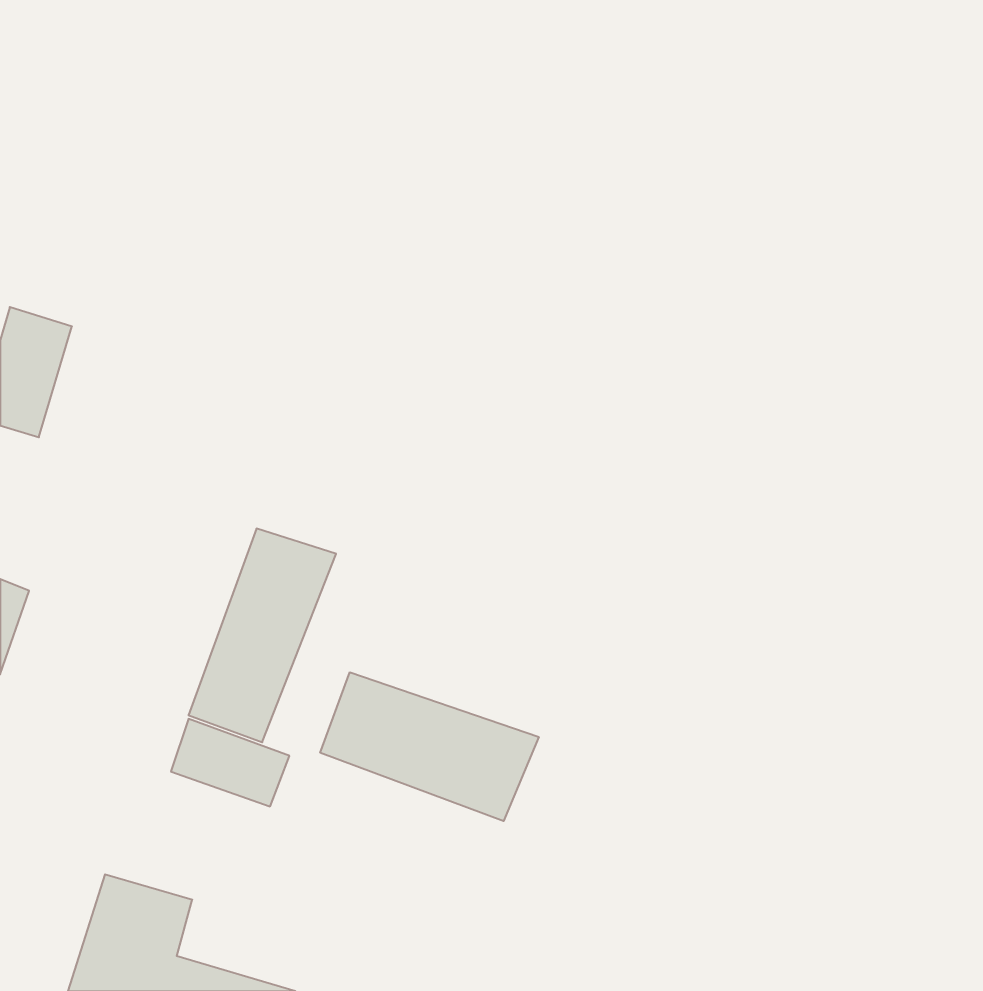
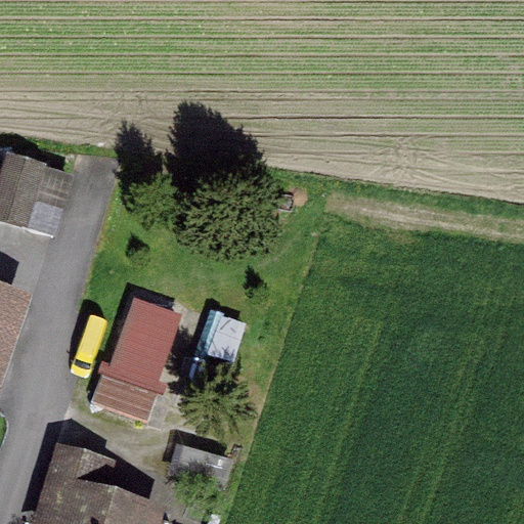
building: [320,672,539,821] -> none

